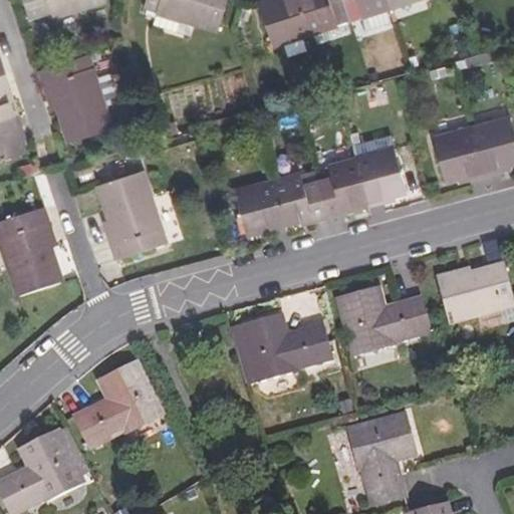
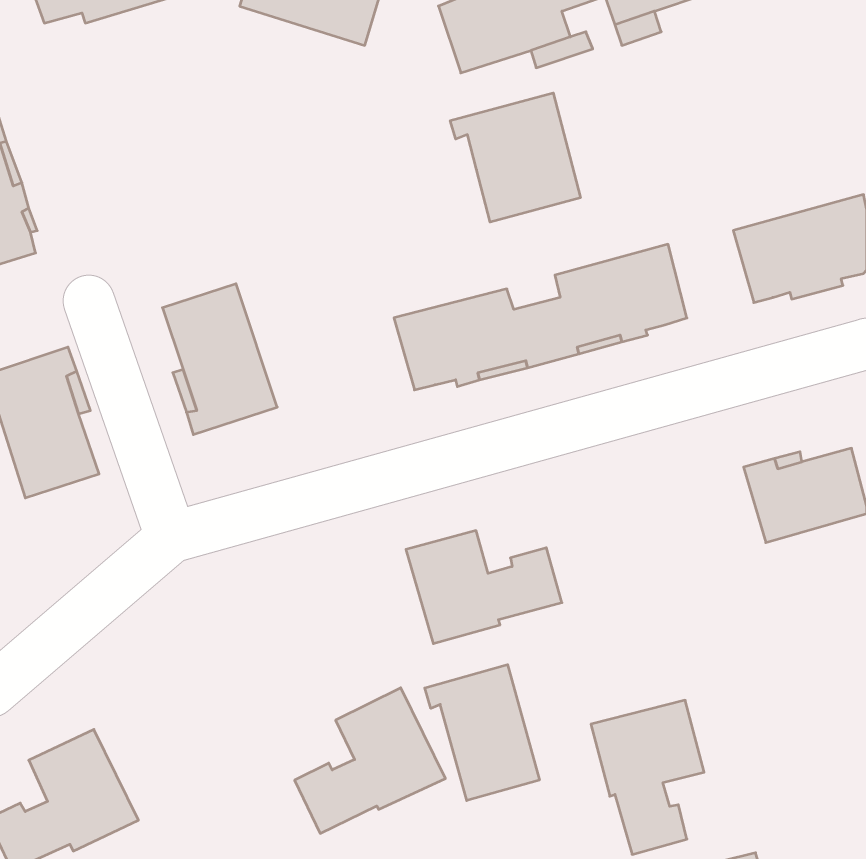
building: [38,53,111,143] -> none
building: none -> [450,93,580,222]
building: [335,287,429,356] -> none
building: [74,361,163,447] -> [295,688,445,833]
building: none -> [425,665,539,801]

